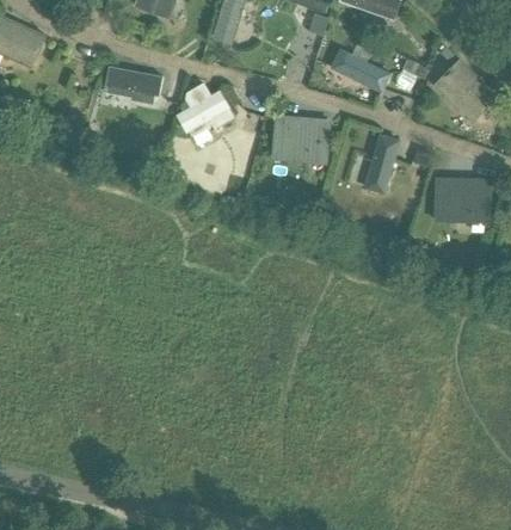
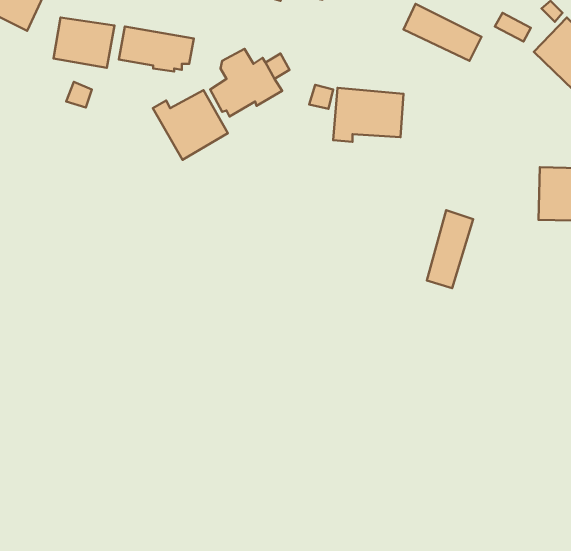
building: none -> [54,17,115,68]
building: none -> [153,90,228,160]
building: [363,134,400,196] -> [427,210,473,288]

